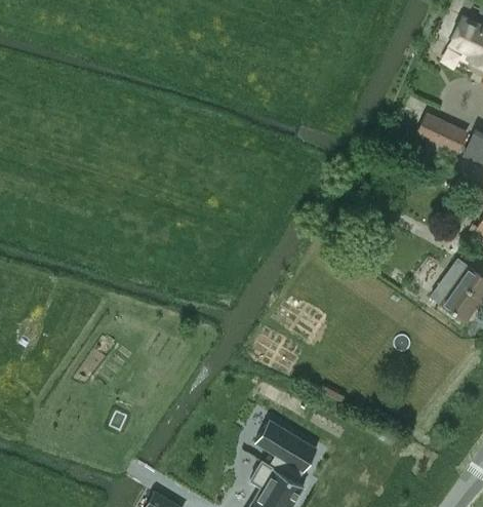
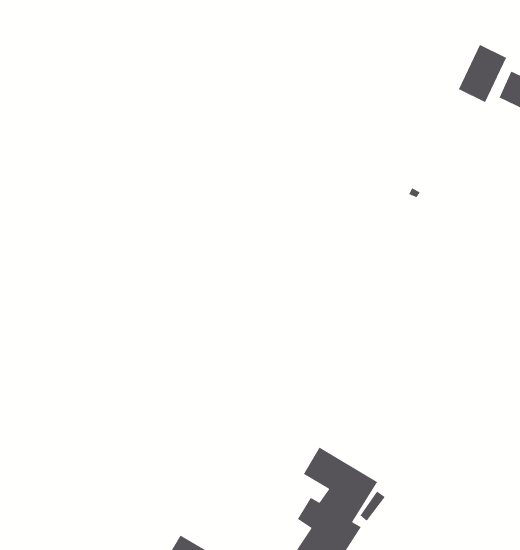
building: none -> [458,44,507,103]

